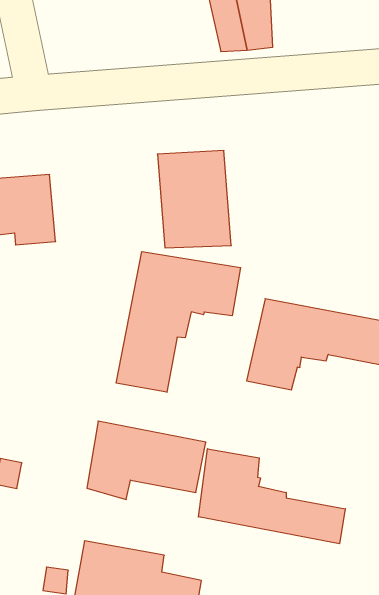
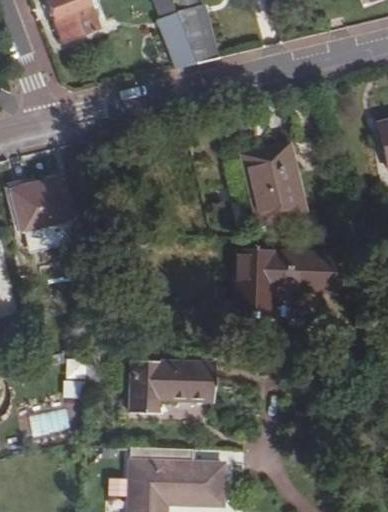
building: [157,151,231,248] -> [242,144,308,224]
building: [116,252,241,392] -> none
building: [198,449,345,544] -> none

